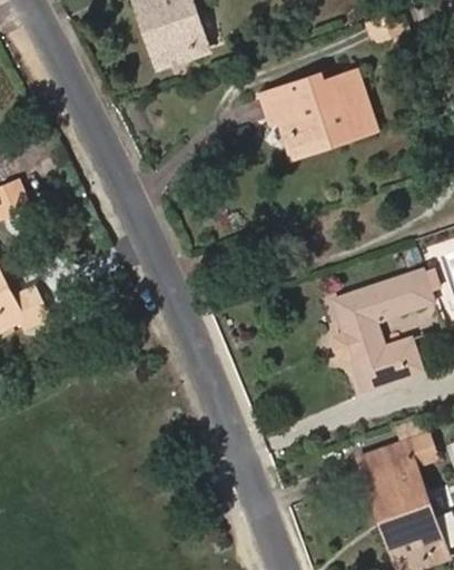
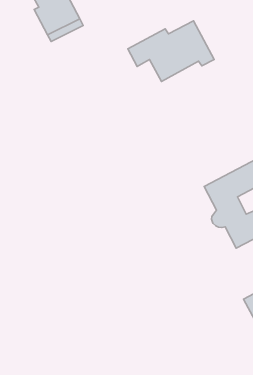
building: [275,115,356,158] -> none

